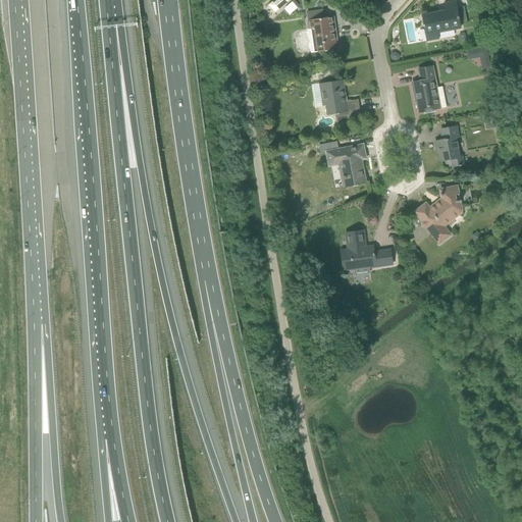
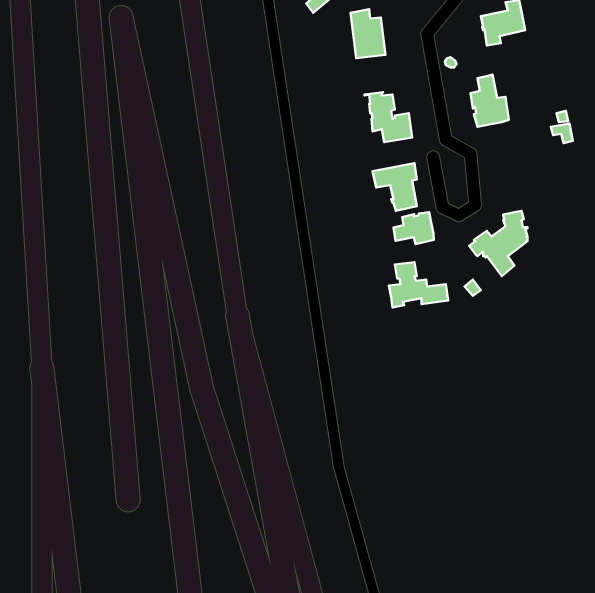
building: [435,124,464,165] -> none
building: none -> [393,212,434,244]

